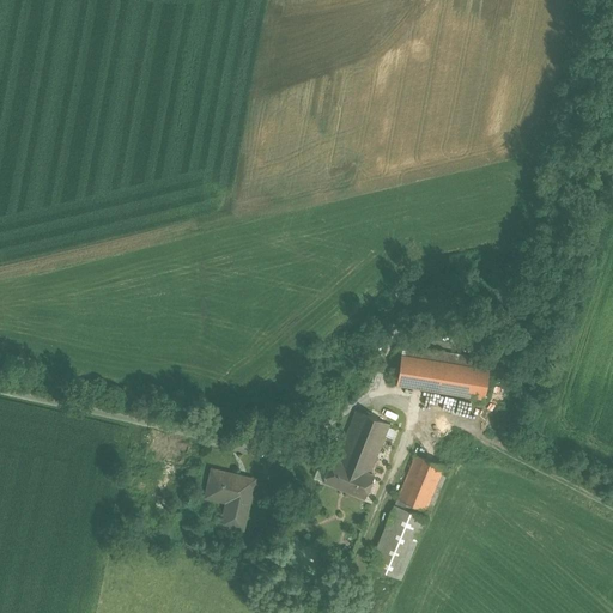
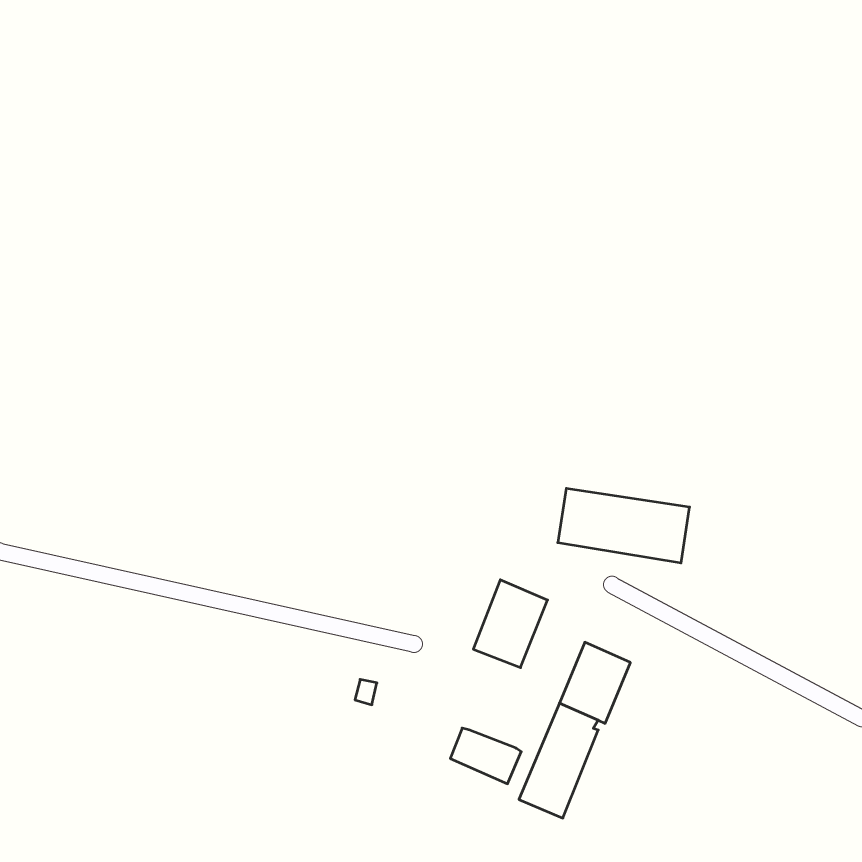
building: [322,460,372,499] -> [450,728,521,784]
building: [205,472,253,529] -> none

